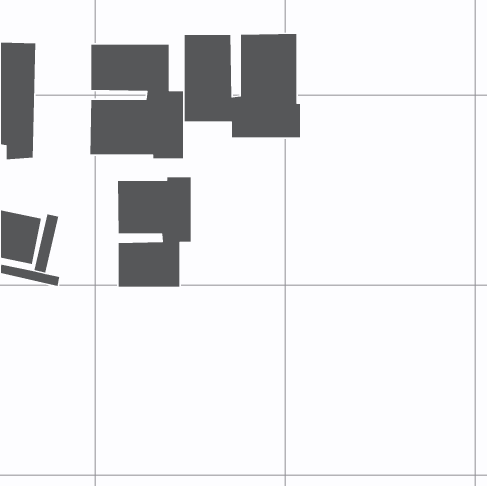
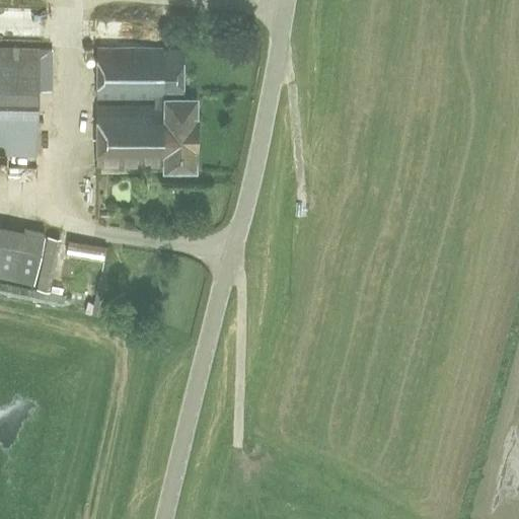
building: [184,33,301,138] -> none
building: [117,176,191,288] -> none

